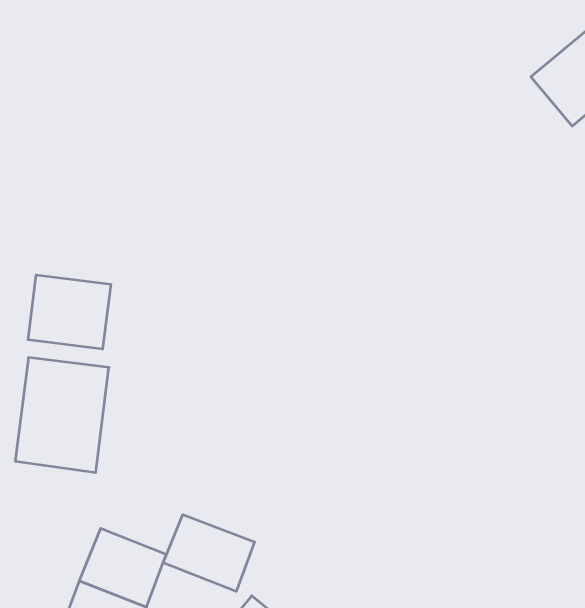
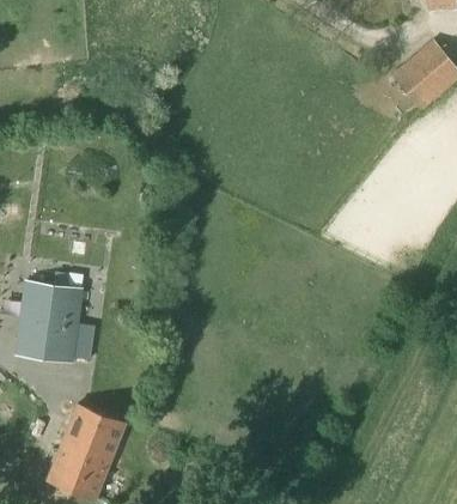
building: [28,275,111,349] -> none
building: [163,515,255,591] -> none

